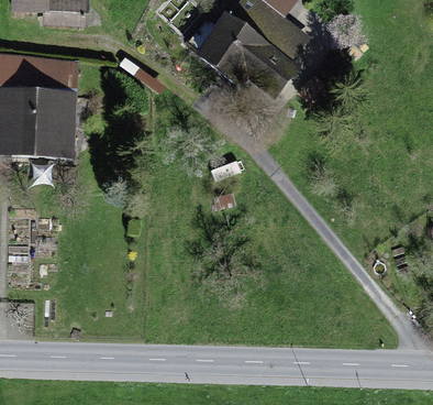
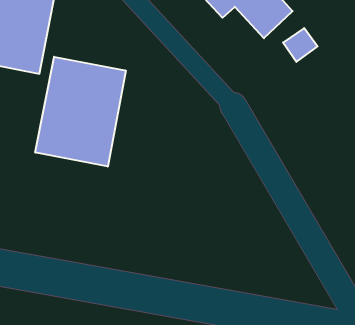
building: none -> [35,57,126,167]

